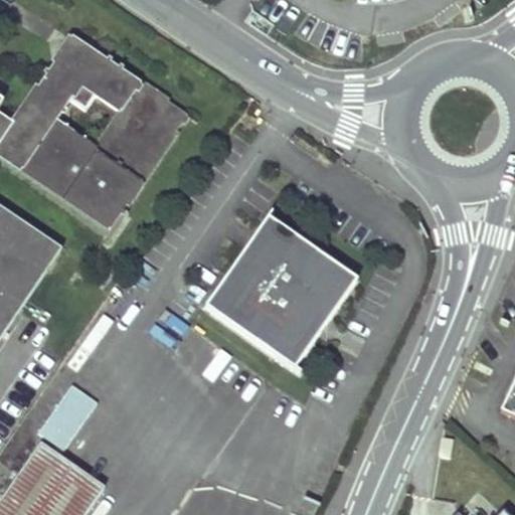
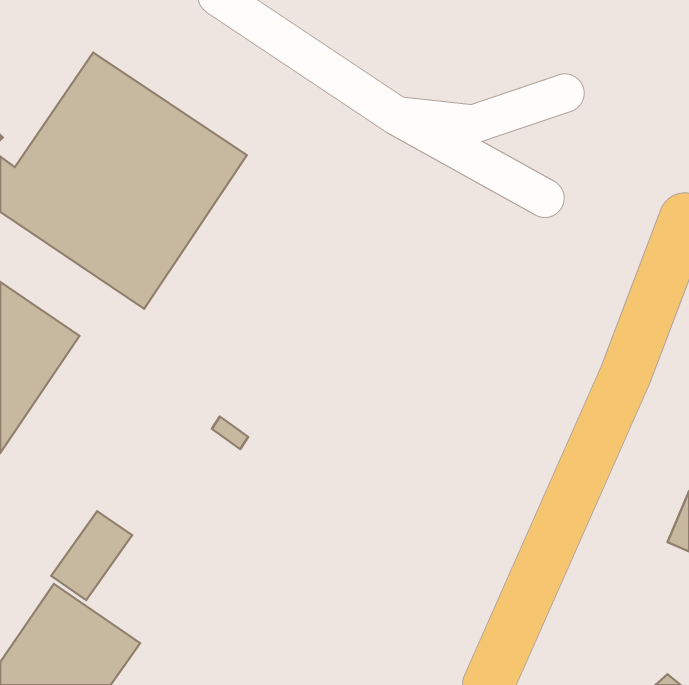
building: [208,212,359,363] -> none

